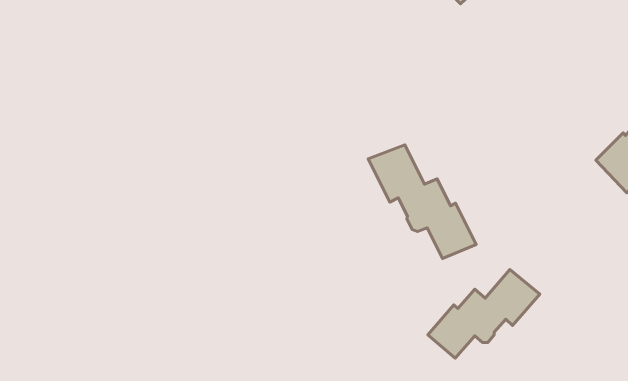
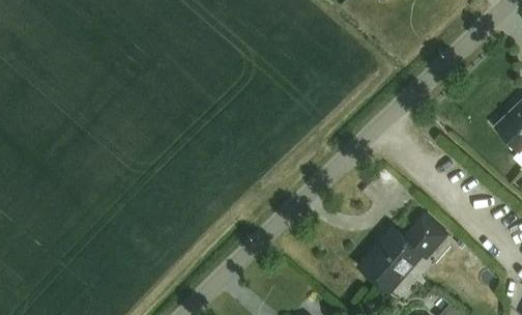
building: [368,145,476,258] -> none

